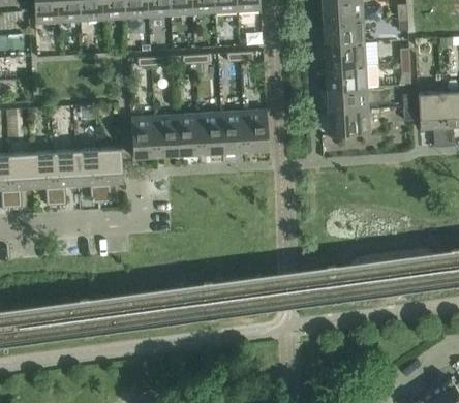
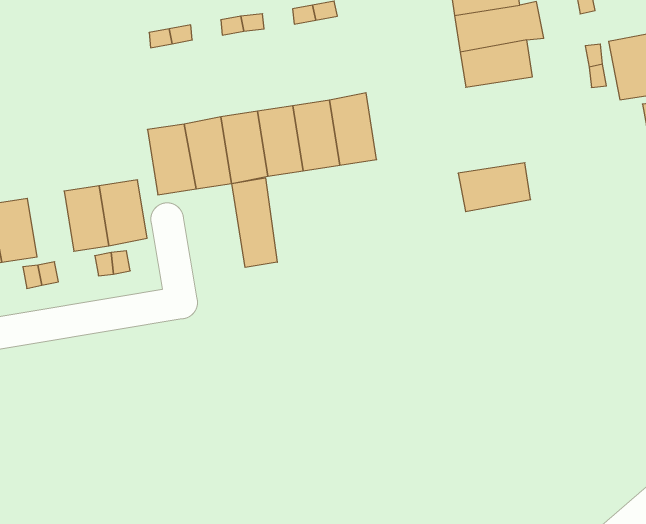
building: [328,111,370,136] -> [458,163,531,212]
building: [54,150,79,188] -> none
building: none -> [232,178,277,267]

